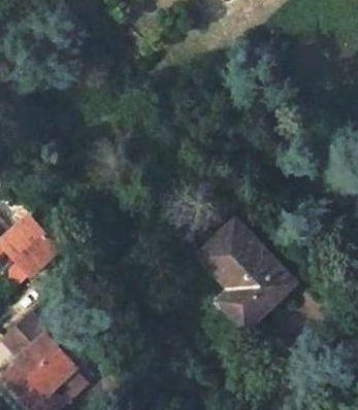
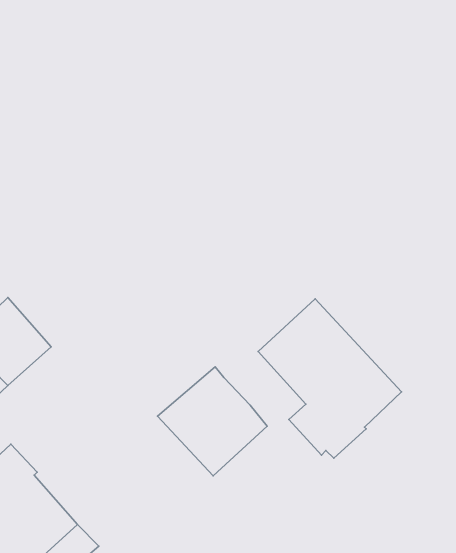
building: none -> [157,367,267,476]

